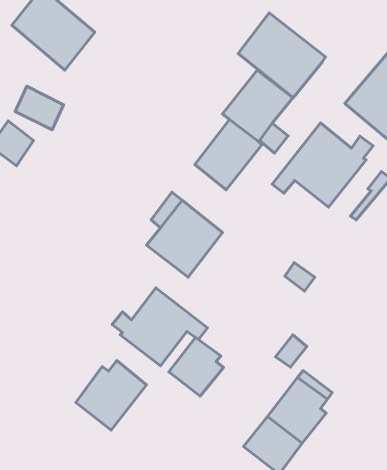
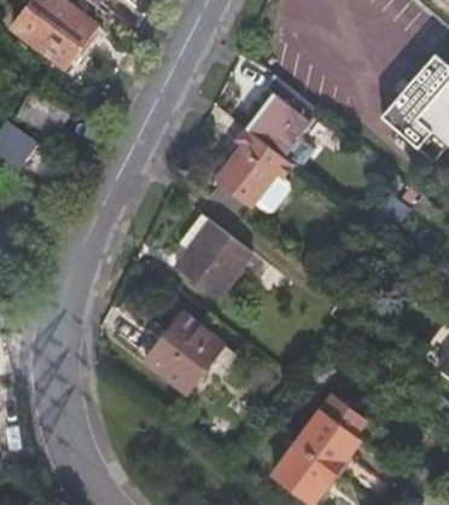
building: [238,13,326,98] -> none
building: [272,123,373,207] -> none
building: [169,337,224,396] -> none
building: [76,361,146,430] -> none

